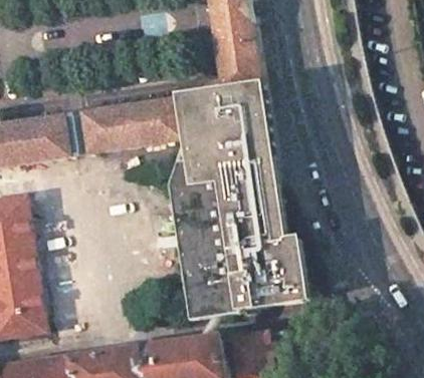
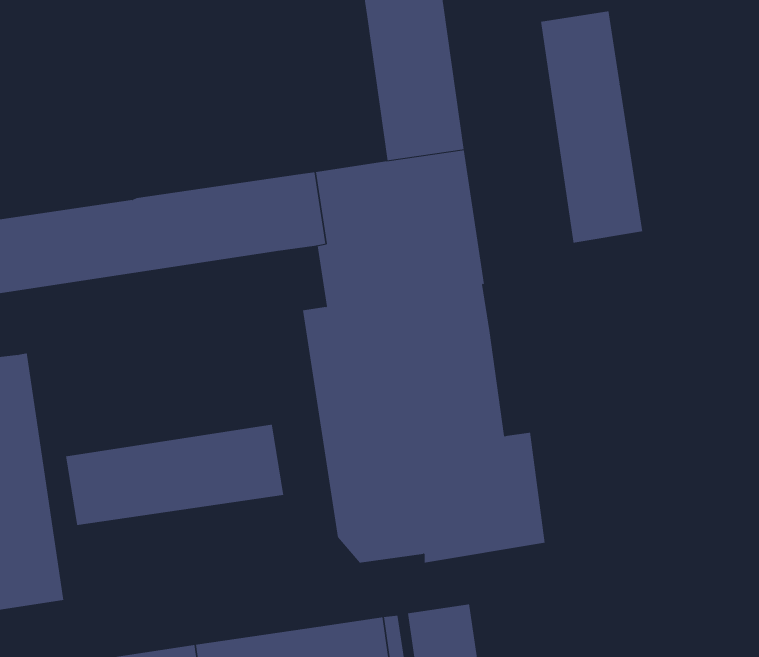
building: none -> [540,10,643,243]
building: none -> [66,424,284,526]

